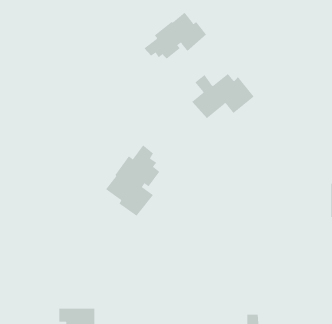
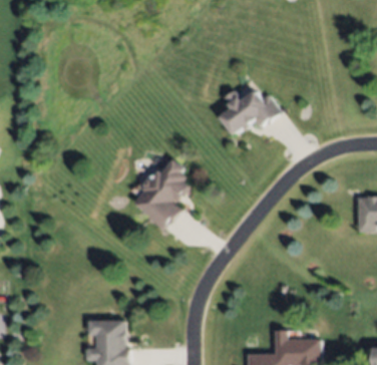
building: [144,12,207,60] -> none

